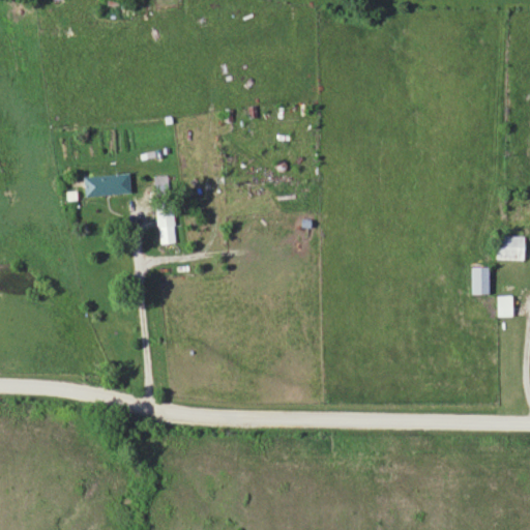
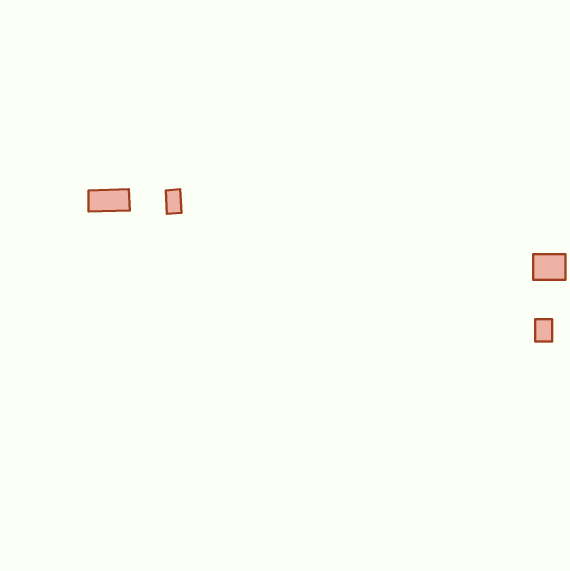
building: [158,207,176,244] -> none
building: [472,267,489,294] -> none

